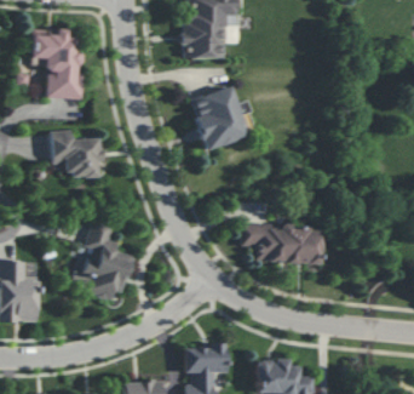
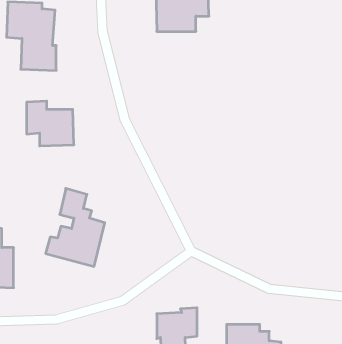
building: [189,86,249,150] -> none
building: [240,223,321,262] -> none

